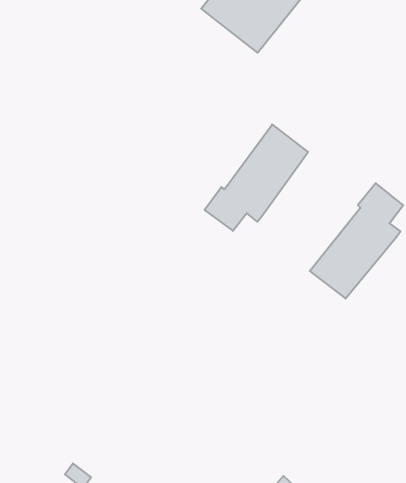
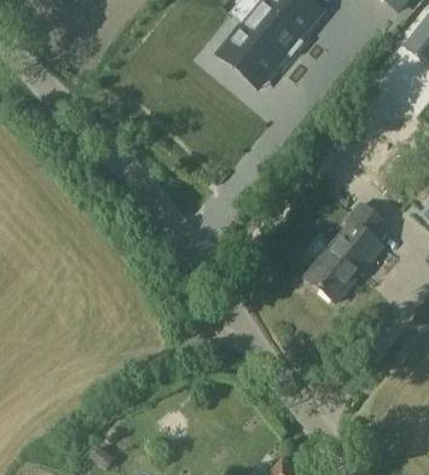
building: [205,124,308,231] -> none

